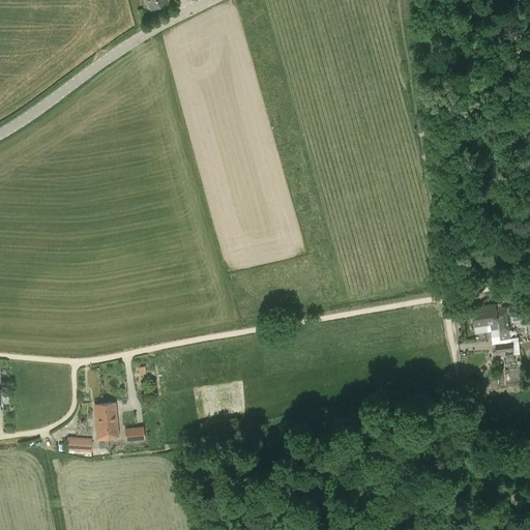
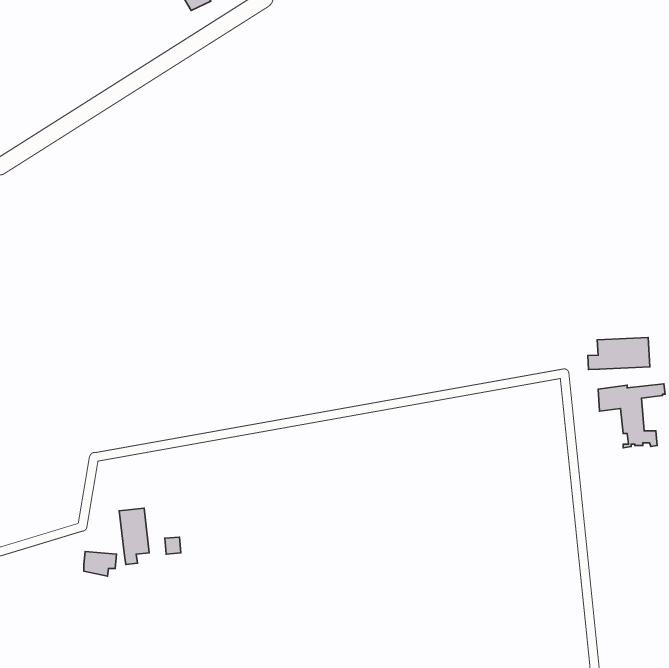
building: none -> [588,338,650,369]

